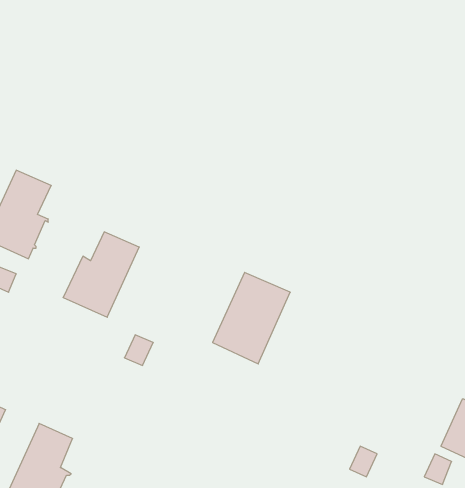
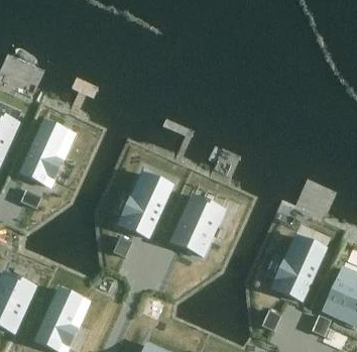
building: [63,232,139,317] -> [119,179,169,235]
building: none -> [272,241,323,298]

